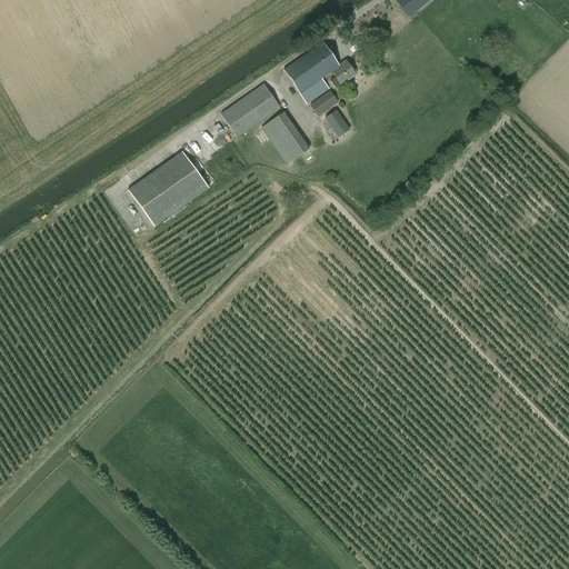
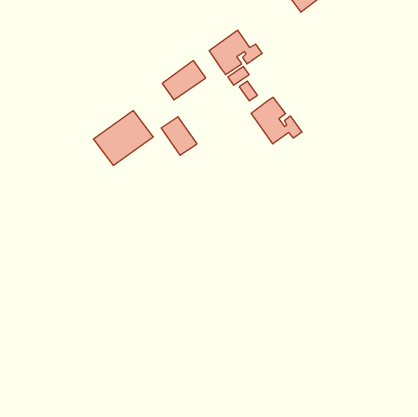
building: [261,111,310,163] -> [161,117,197,155]
building: none -> [251,97,302,144]

